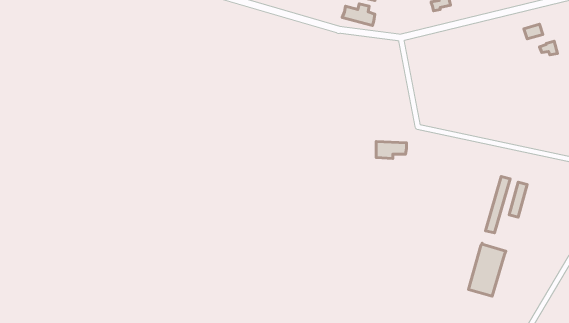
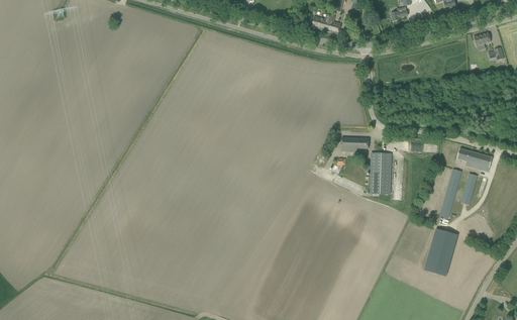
building: none -> [456,148,492,172]
building: none -> [370,152,391,194]

